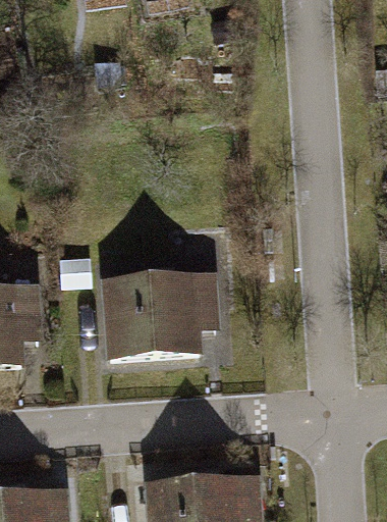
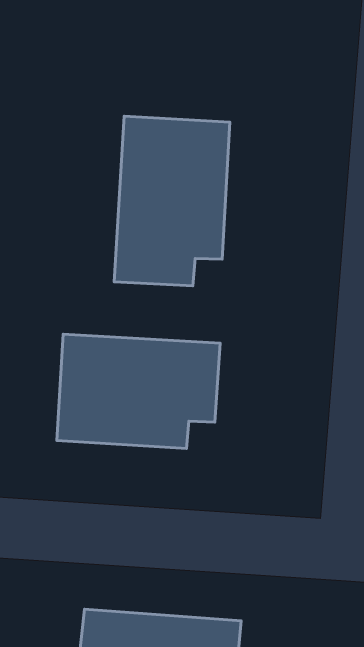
building: none -> [114,116,230,286]

